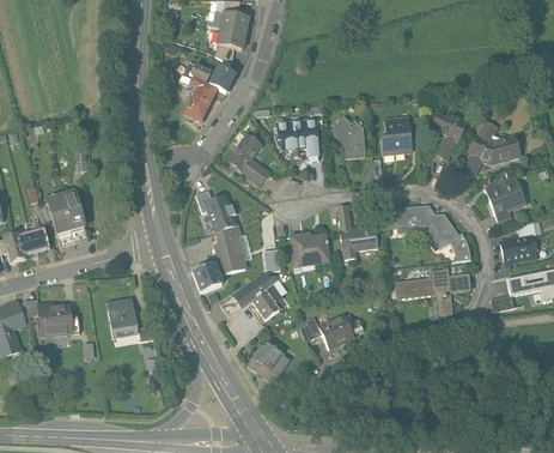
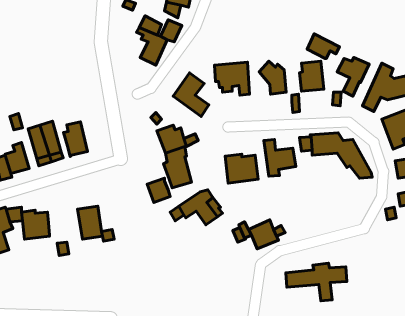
building: none -> [307,34,340,59]
building: none -> [63,122,87,156]
building: [395,268,470,315] -> [286,263,347,301]
building: [246,344,291,383] -> none

